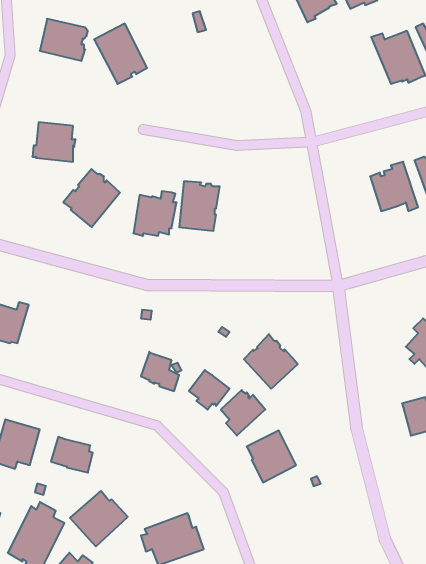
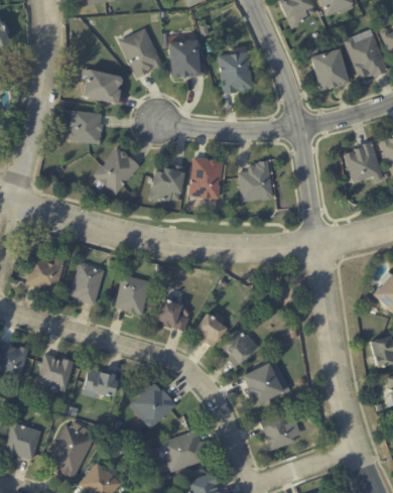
building: [40,19,88,61] -> [83,69,122,103]
building: none -> [168,40,204,77]
building: none -> [311,49,351,93]
building: none -> [219,51,252,94]
building: none -> [239,159,274,201]
building: none -> [72,262,104,303]
building: none -> [116,274,150,313]
building: [244,334,298,389] -> none
building: [70,491,128,546] -> [130,382,177,427]
building: none -> [259,411,299,450]

